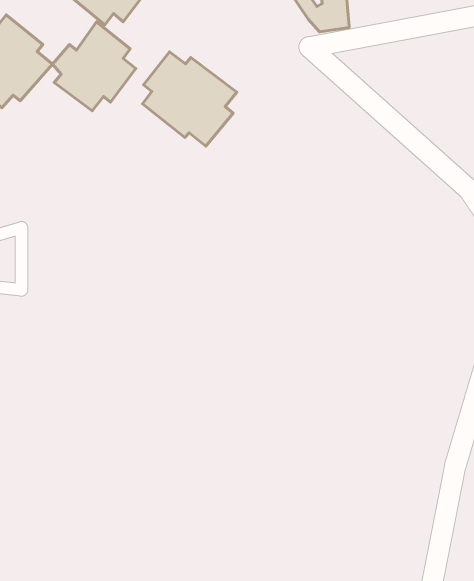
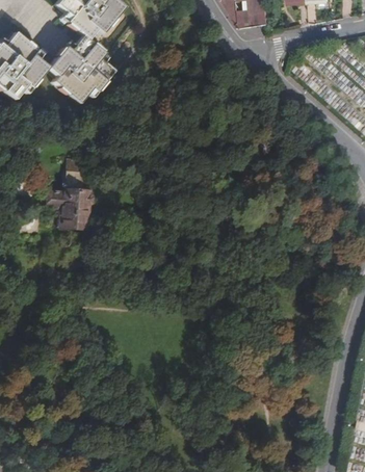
building: [143,52,237,146] -> none
building: none -> [42,164,87,226]

